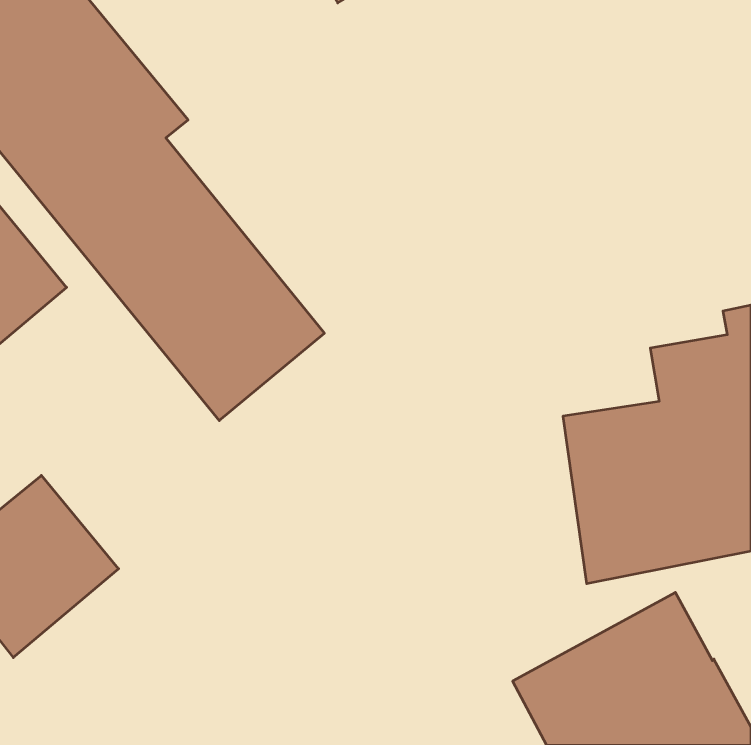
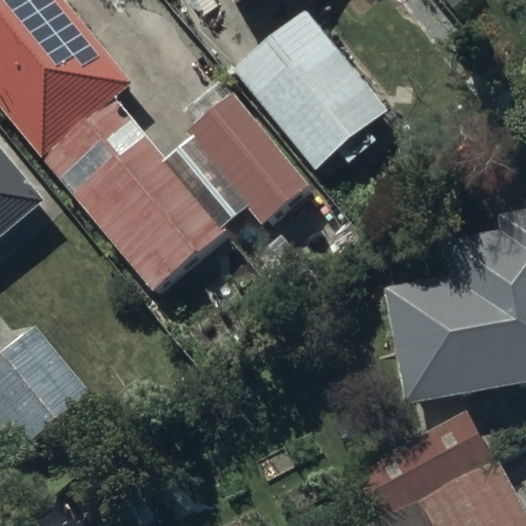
building: none -> [232,9,389,171]
building: none -> [180,97,307,224]

